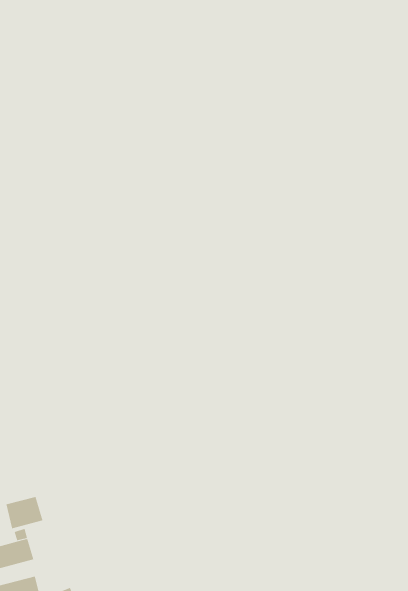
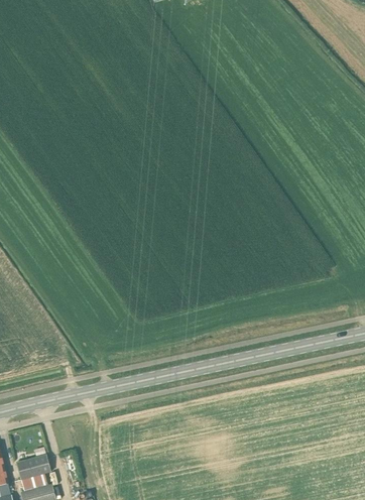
building: [6,496,43,529] -> none

